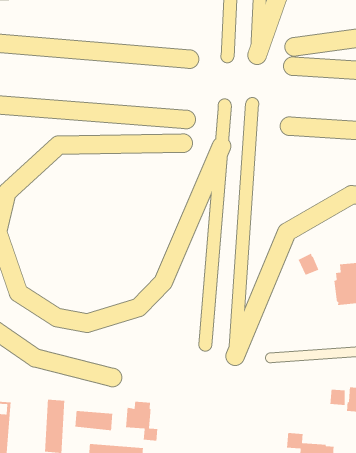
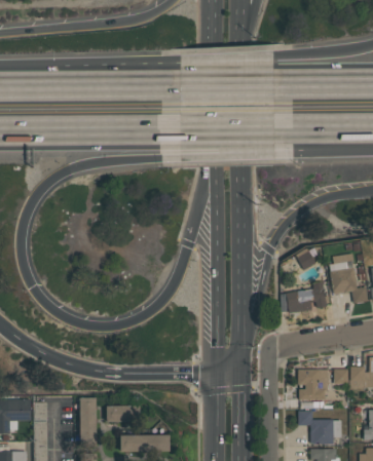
building: none -> [286,282,330,313]
building: none -> [298,370,329,400]
building: [125,401,158,441] -> none

